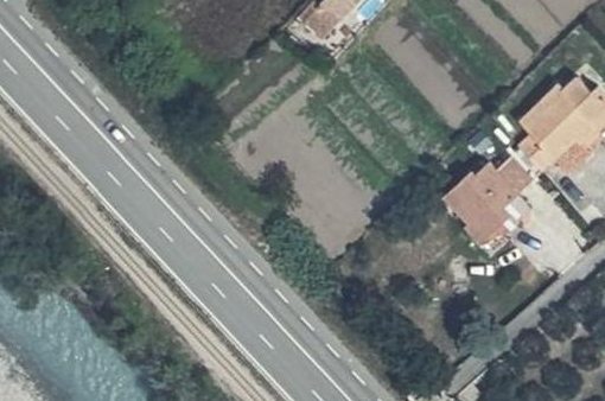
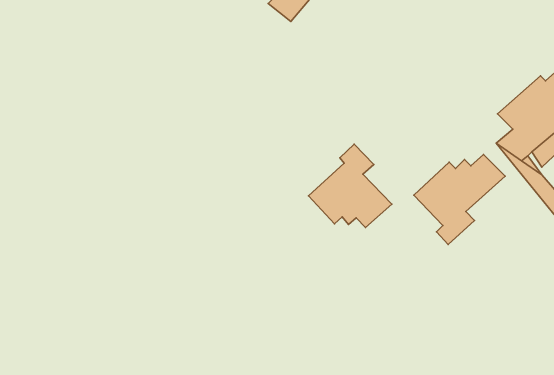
building: none -> [308,144,392,227]

